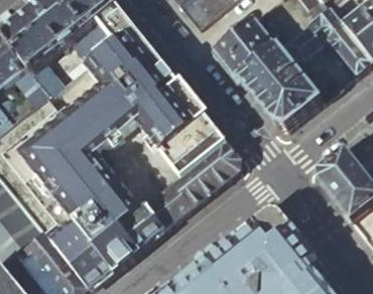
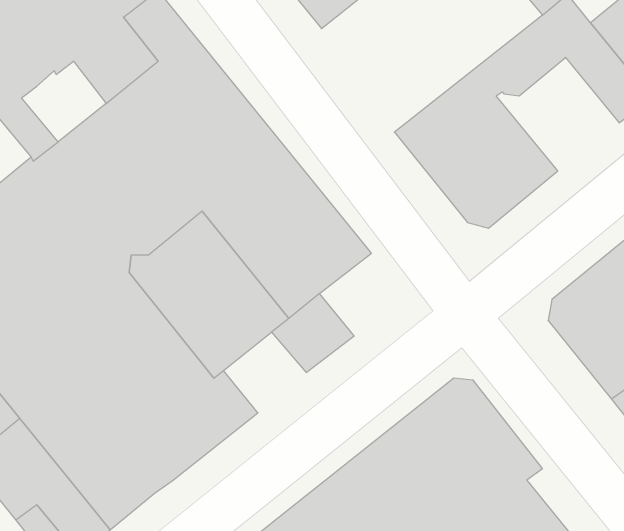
building: [214,15,277,78] -> none
building: [200,141,240,184] -> none
building: [149,182,193,225] -> none

